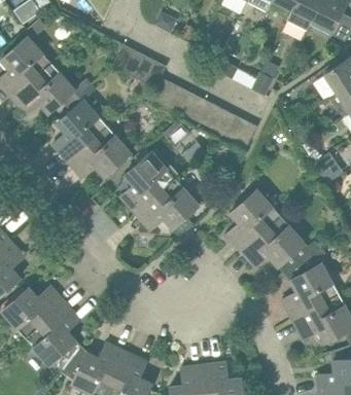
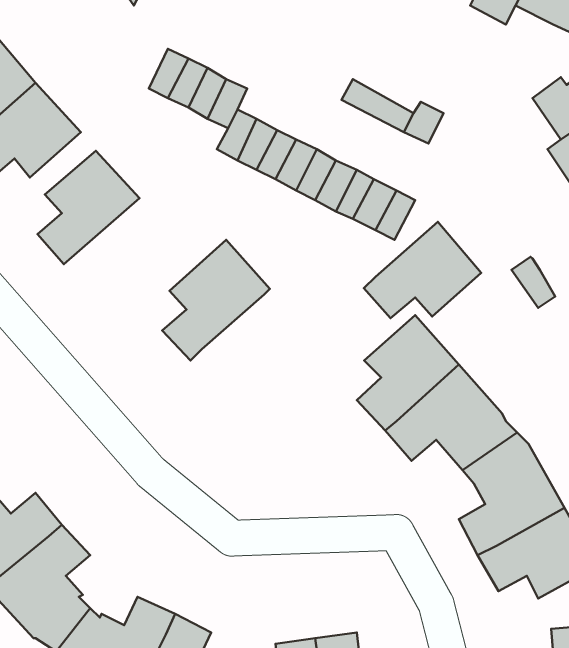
building: [66,124,131,178] -> none
building: [135,177,199,229] -> [364,222,481,318]

